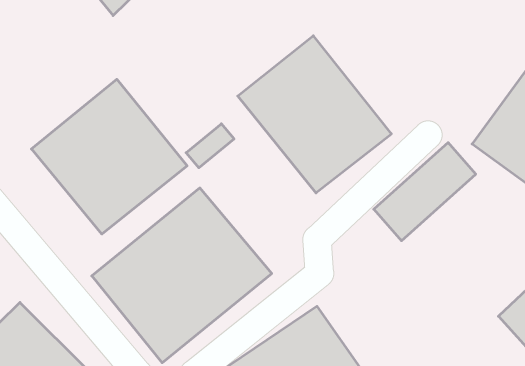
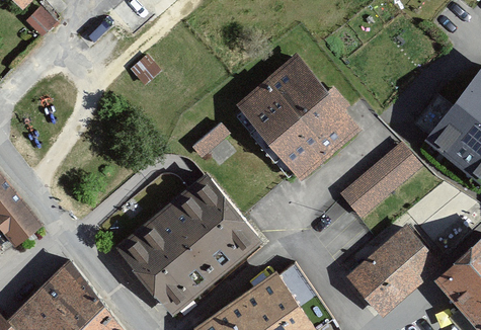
building: [31,79,187,234] -> none
building: none -> [346,224,434,310]

